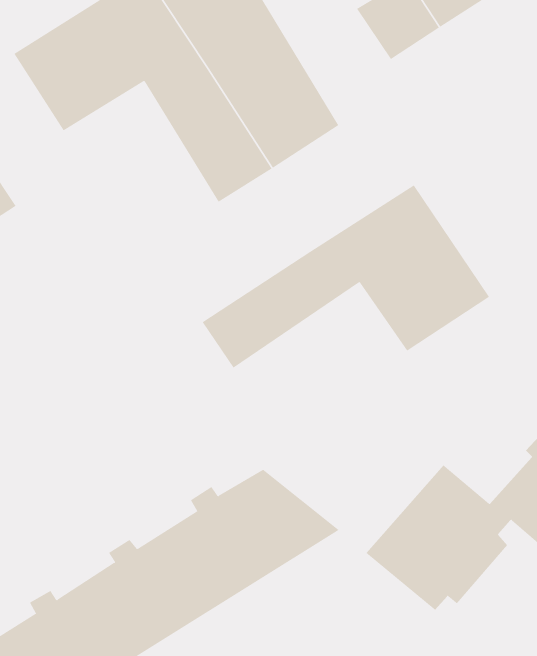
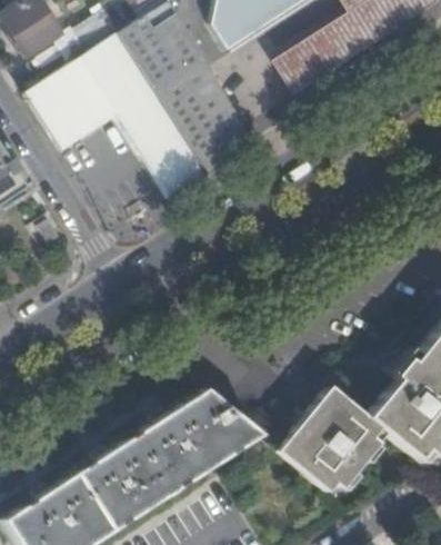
building: [202,184,490,369] -> none

